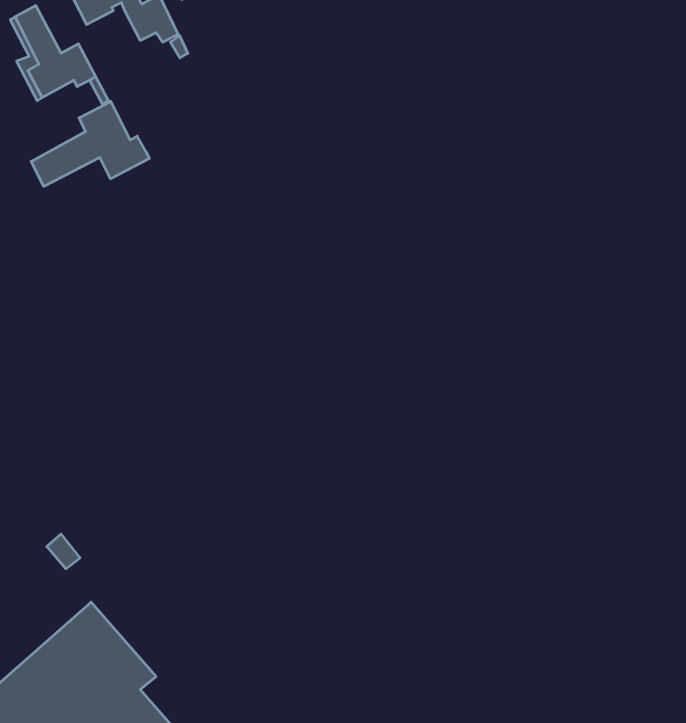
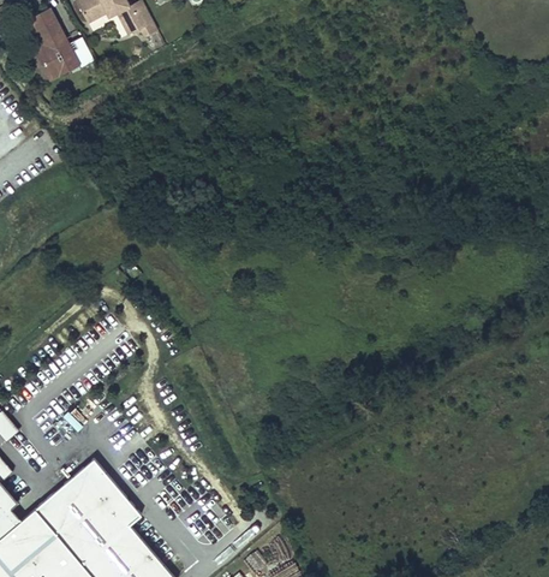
building: [31,101,149,186] -> none

